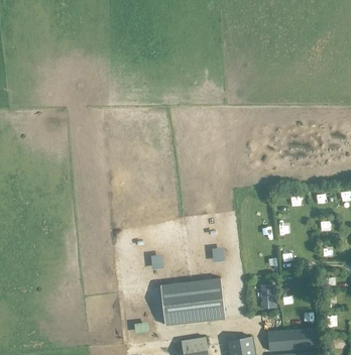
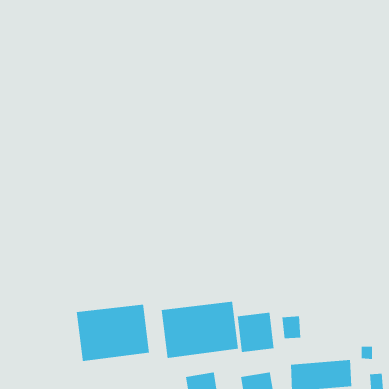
building: none -> [76,304,149,362]
building: none -> [237,312,274,353]

